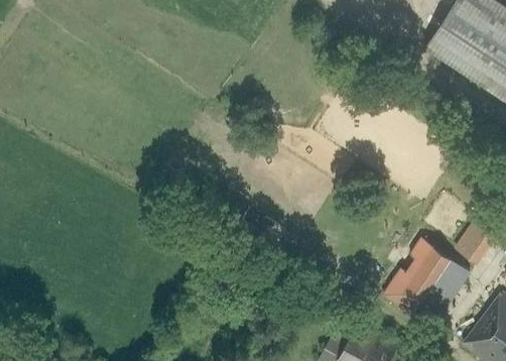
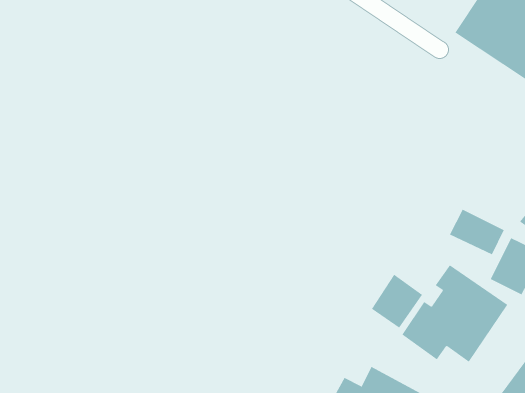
building: none -> [449,209,505,255]
building: none -> [371,274,423,329]

